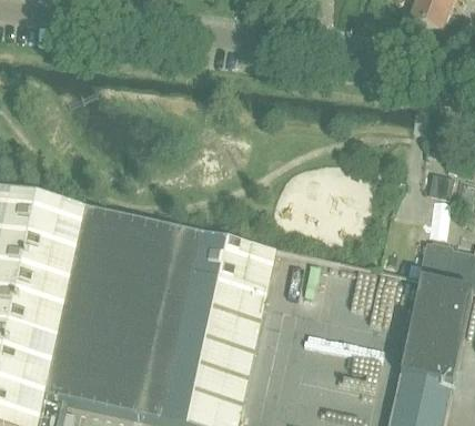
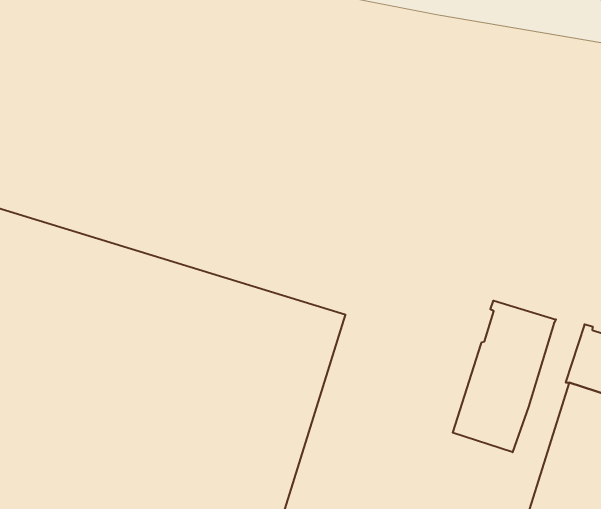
building: none -> [453,301,556,452]

